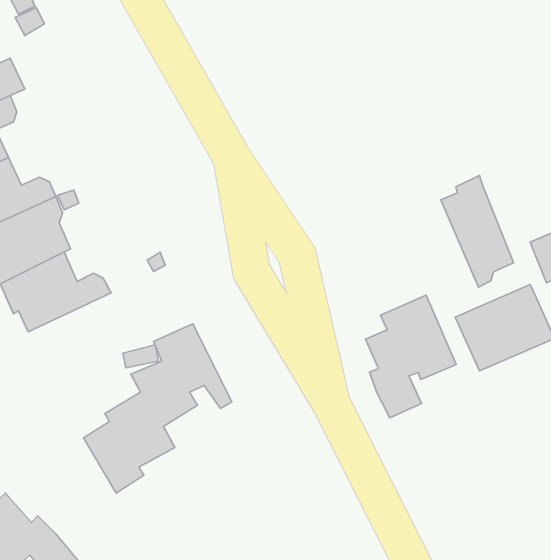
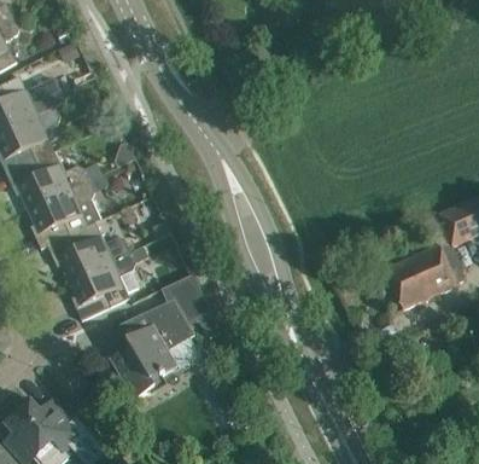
building: [441,176,514,287] -> none
building: none -> [68,245,147,320]
building: [365,295,456,418] -> none

